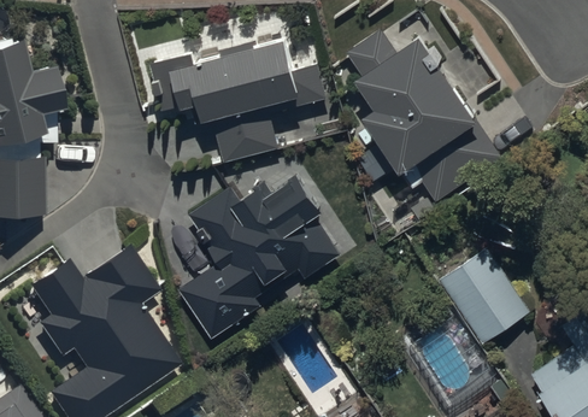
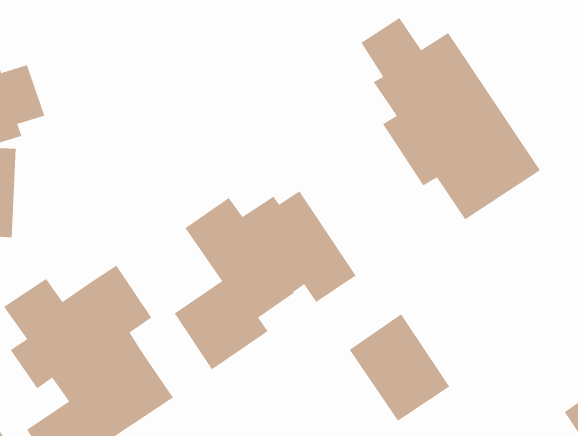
building: [151,39,329,161] -> none
building: [439,246,529,342] -> [349,313,450,422]

